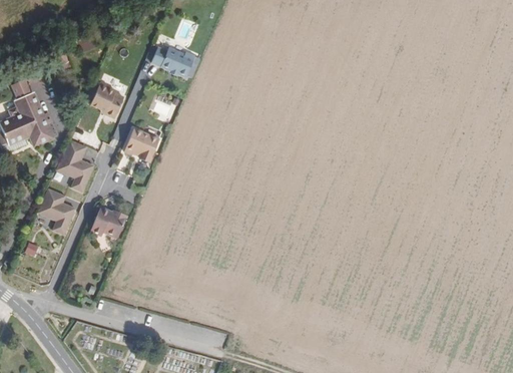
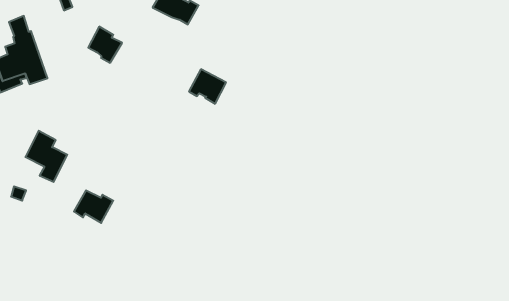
building: [131,126,166,158] -> [189,69,226,104]
building: [54,137,93,192] -> none
building: [94,206,131,236] -> [74,190,113,223]

